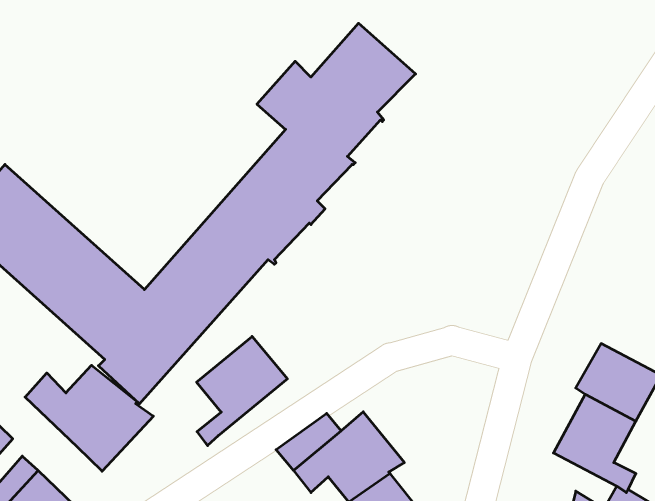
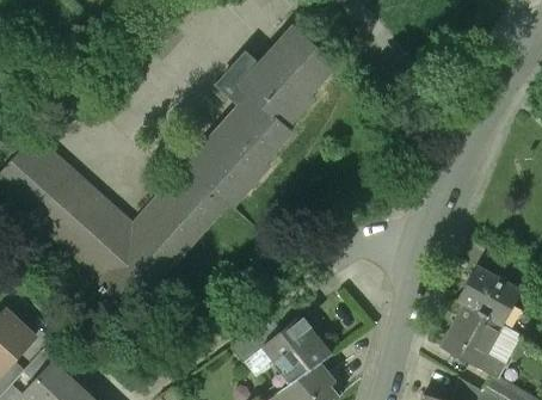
building: [197,336,287,446] -> none
building: [25,365,153,471] -> none

